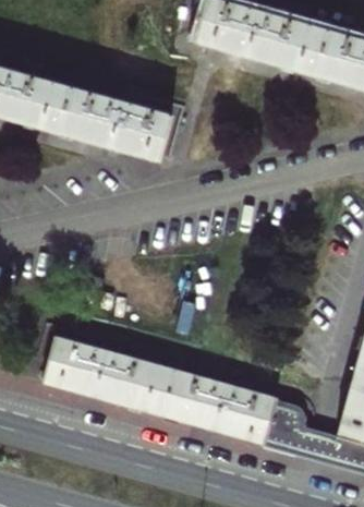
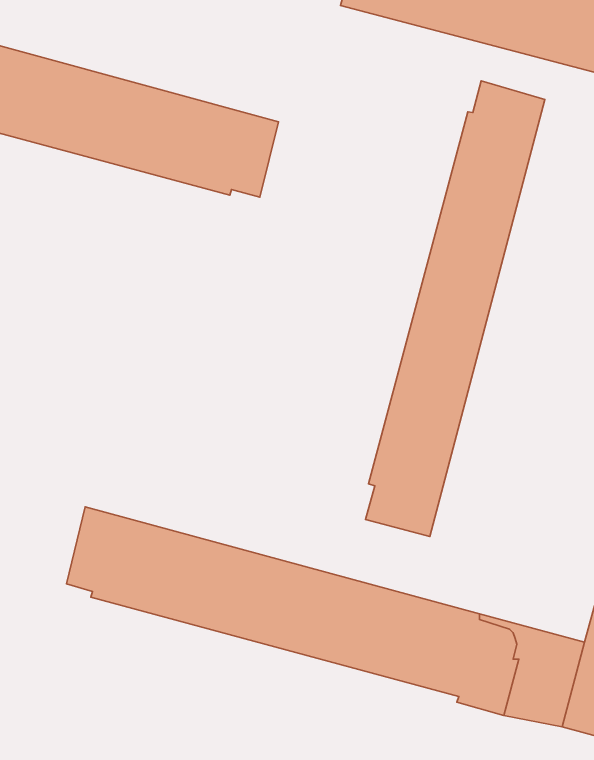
building: none -> [365,81,545,536]

